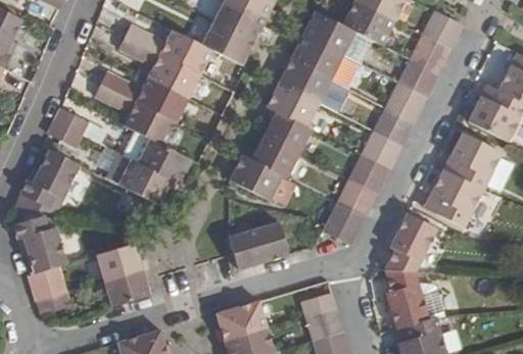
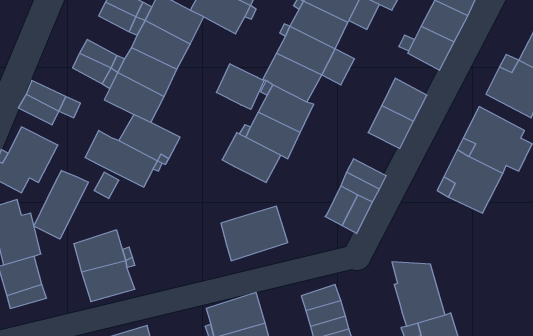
building: [386,83,426,120] -> none
building: none -> [216,64,264,109]
building: [348,154,390,193] -> none
building: none -> [34,170,88,239]
building: [383,212,439,272] -> none

